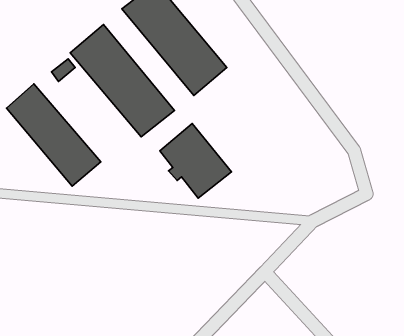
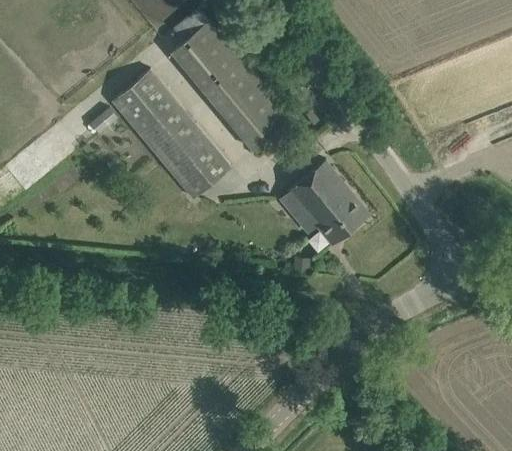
building: [7,84,101,186] -> none
building: [160,123,232,198] -> [288,162,370,247]

